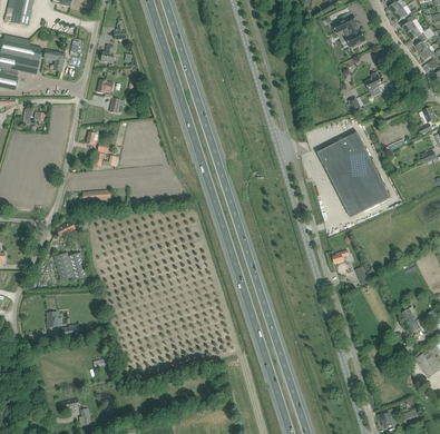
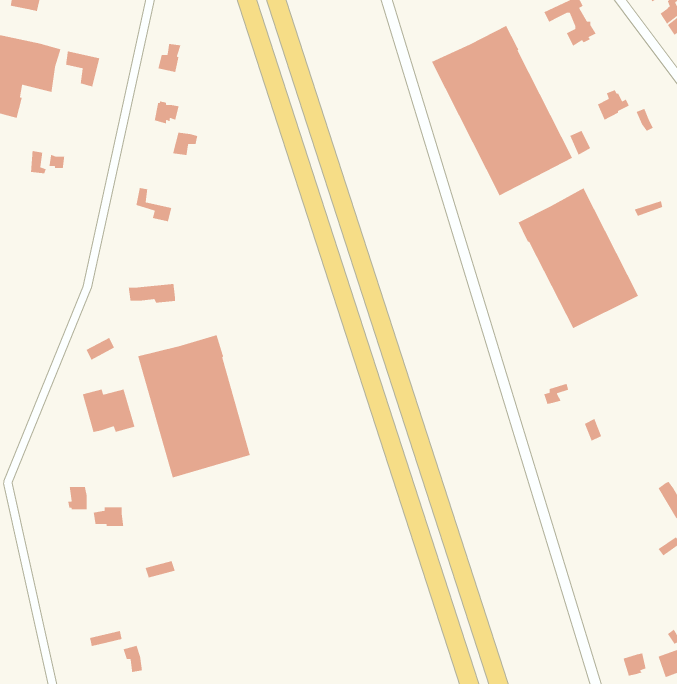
building: none -> [431,25,573,196]
building: none -> [137,334,251,479]

